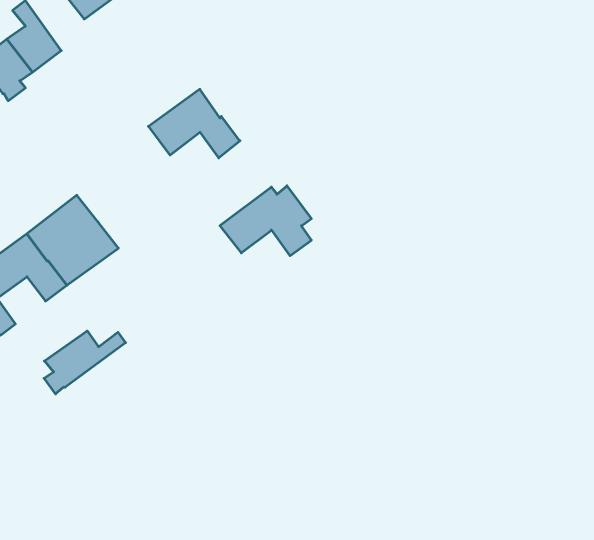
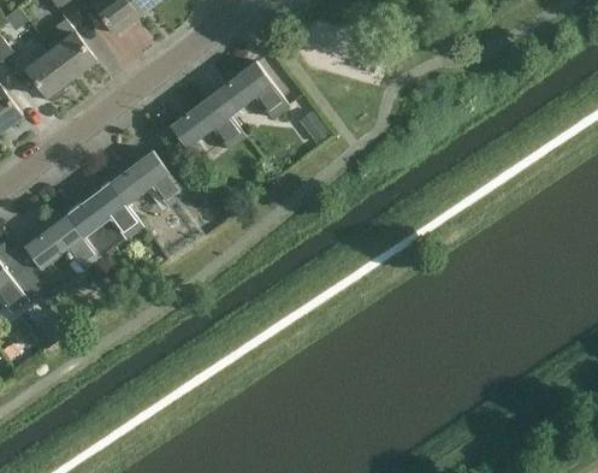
building: none -> [212,60,288,118]
building: [220,186,311,256] -> [108,148,185,207]
building: [44,331,126,394] -> none

